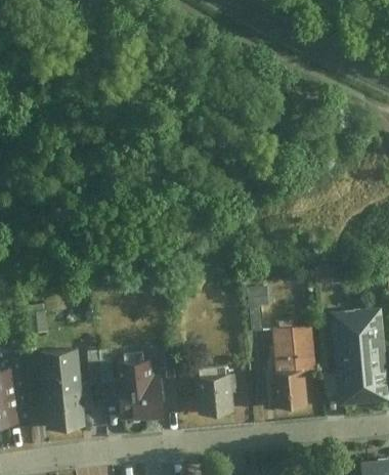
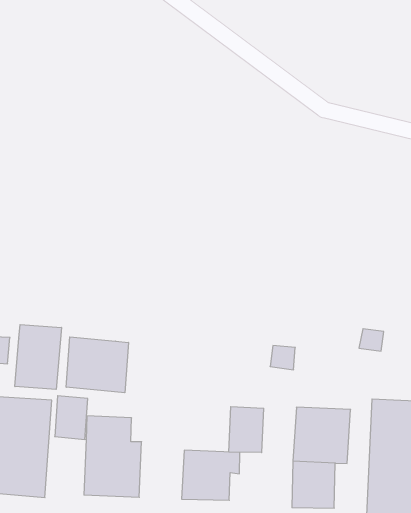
building: none -> [15,325,61,389]
building: none -> [66,337,128,393]
building: none -> [229,407,264,453]

